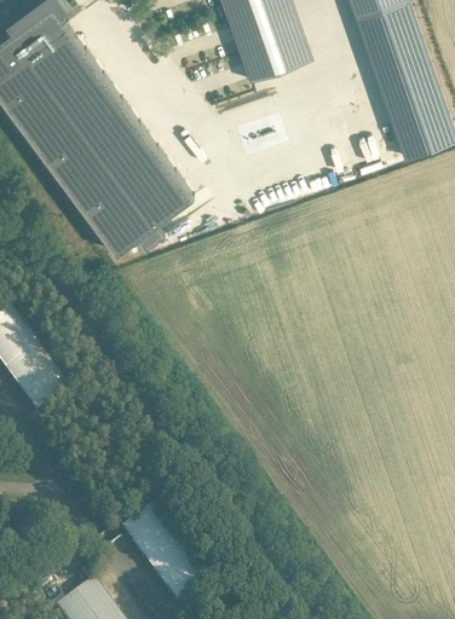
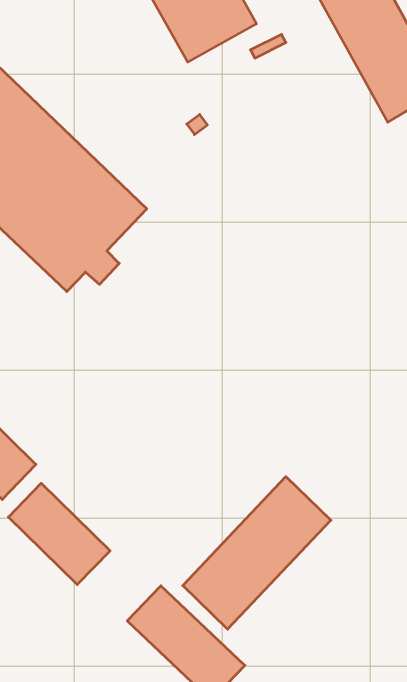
building: none -> [8,483,110,585]
building: none -> [183,477,331,629]

